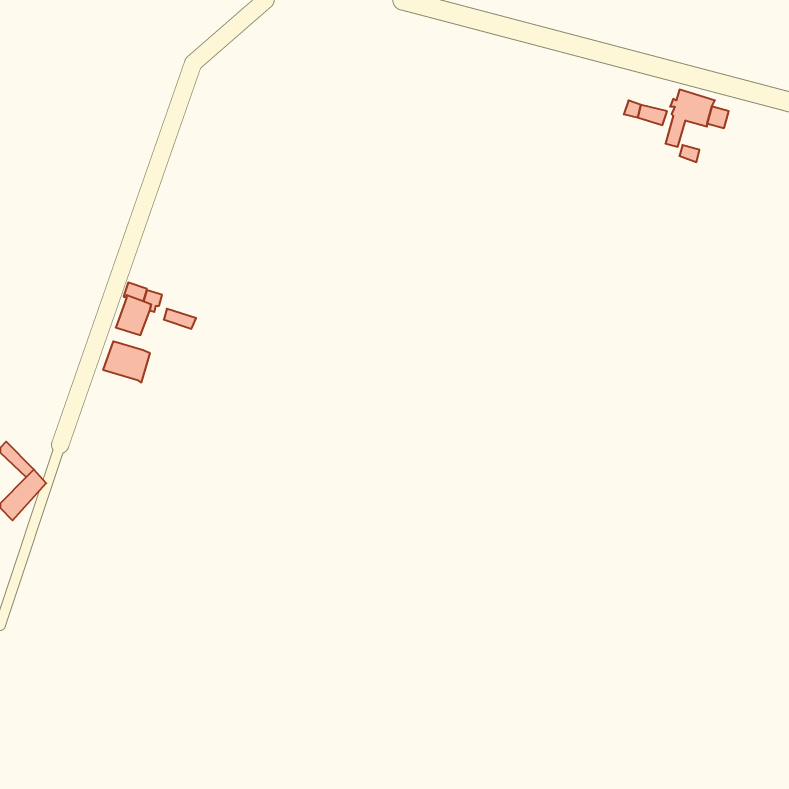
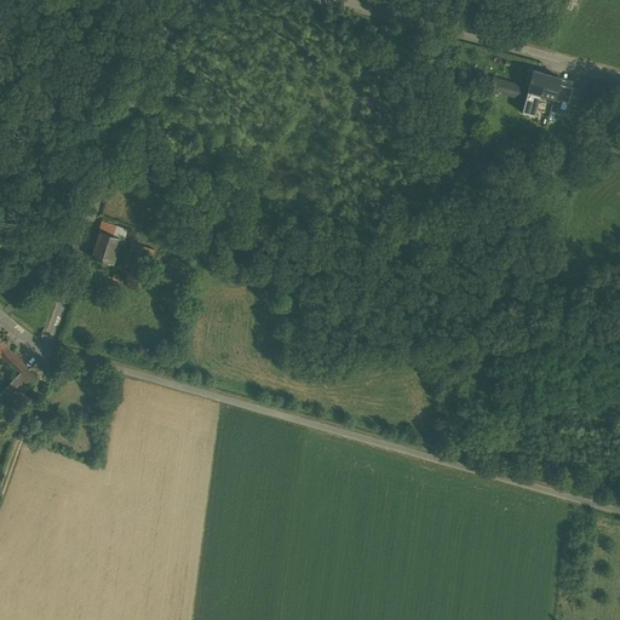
building: [103,341,150,383] -> none

